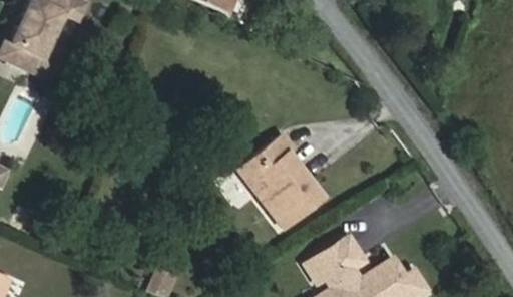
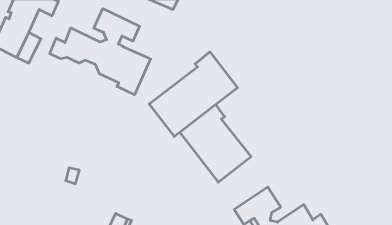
building: none -> [50,9,151,95]
building: none -> [149,52,237,137]

